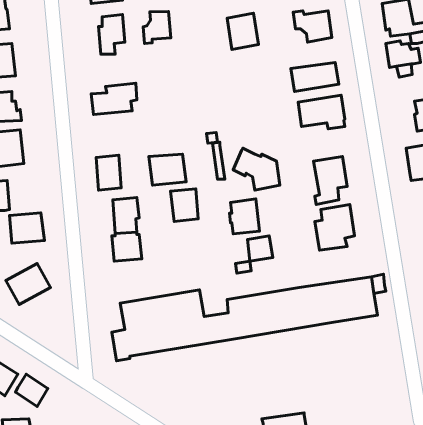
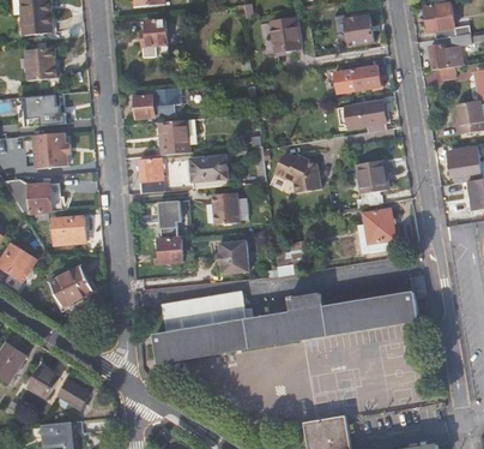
building: [143,12,171,44] -> none
building: none -> [157,119,195,155]
building: [229,199,260,234] -> [219,240,249,275]

